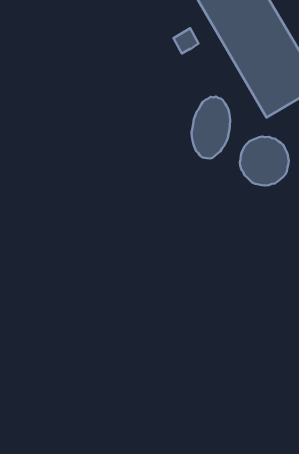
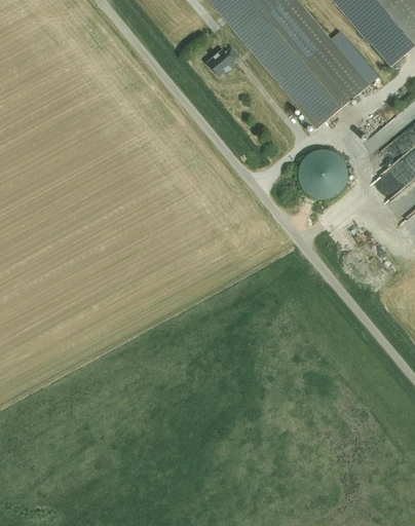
building: [192,96,230,159] -> none

